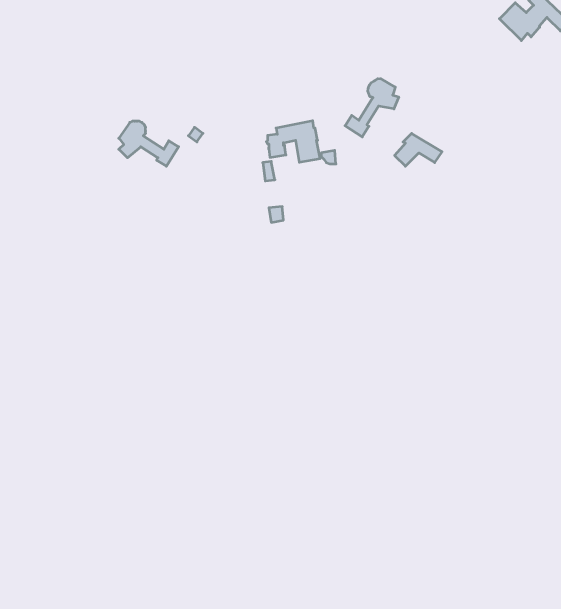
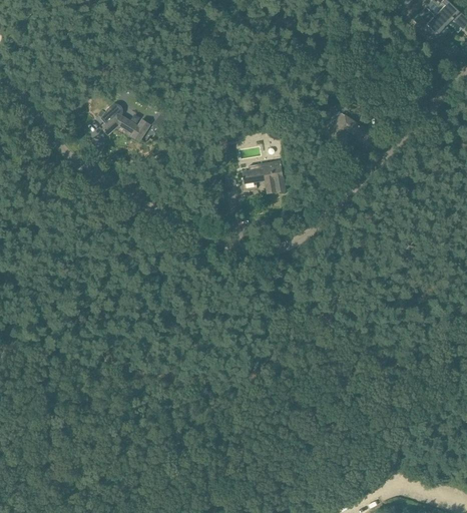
building: [345,79,399,137] -> none
building: [266,121,320,162] -> [241,159,285,193]

